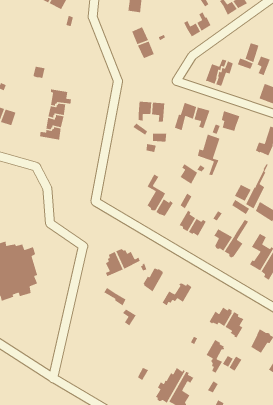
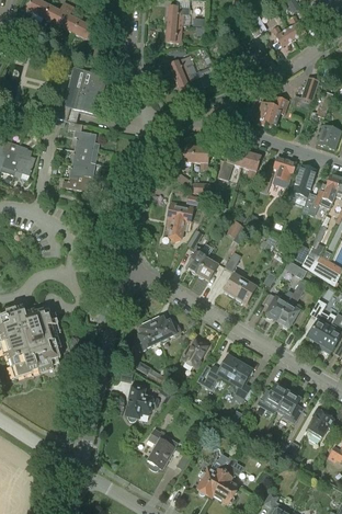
building: none -> [68,67,105,114]
building: [197,134,220,176] -> [288,163,316,213]
building: none -> [167,203,193,240]
building: none -> [126,382,158,421]
building: [205,339,225,374] -> [229,361,252,401]
building: none -> [147,427,174,471]

